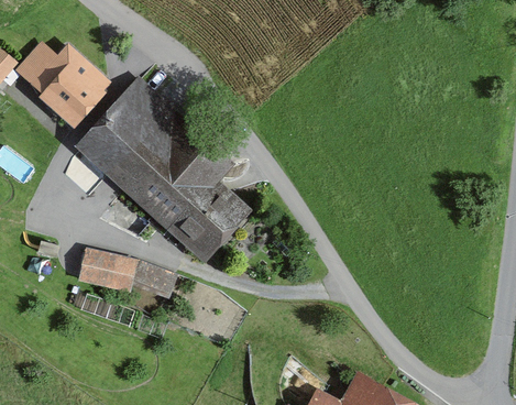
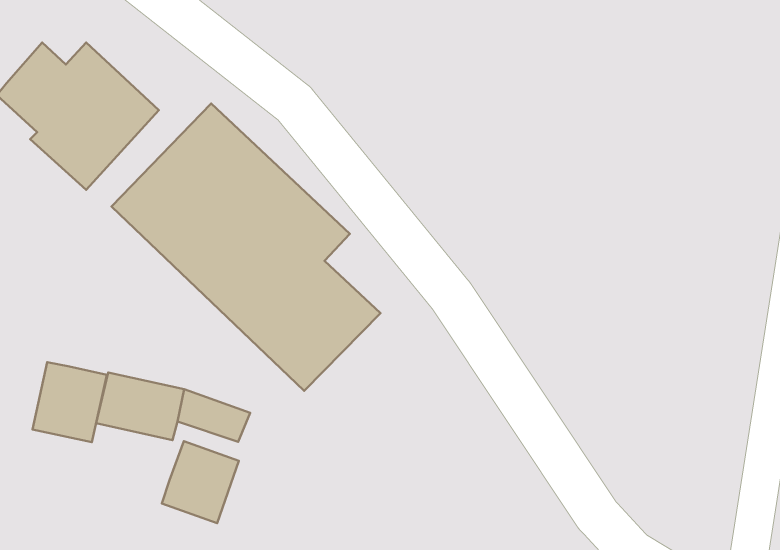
building: none -> [32,362,107,442]
building: none -> [162,441,239,523]

